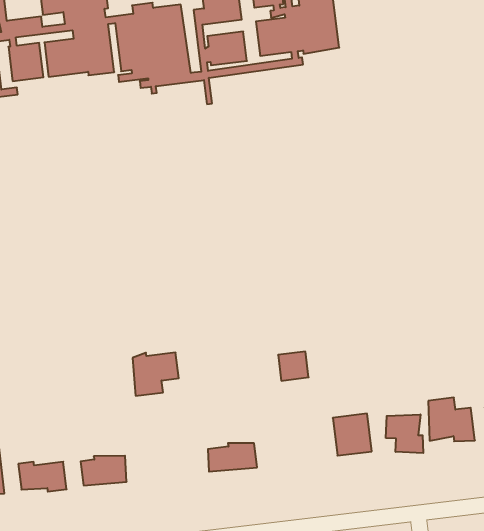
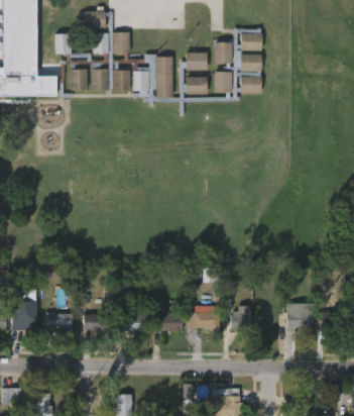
building: [133,353,179,396] -> [118,313,144,337]
building: [386,414,423,453] -> none
building: none -> [195,312,224,329]

